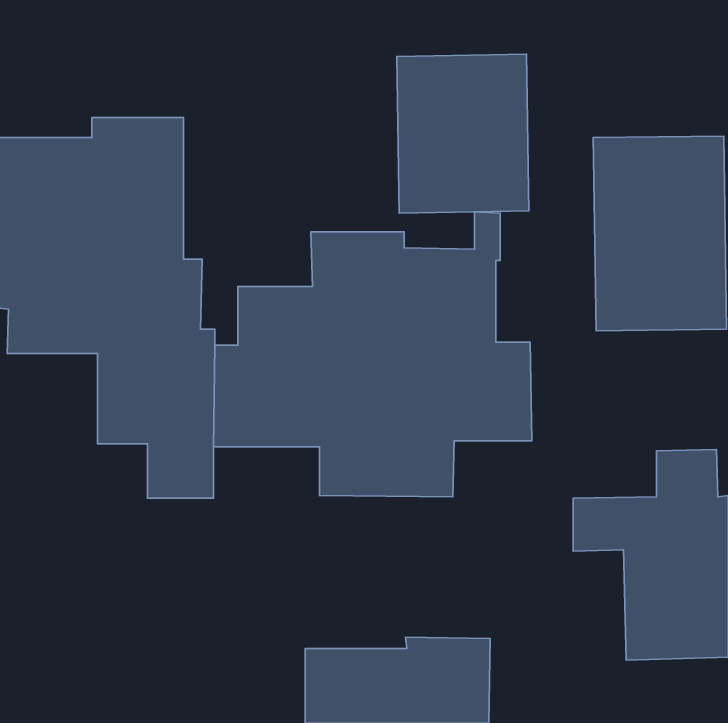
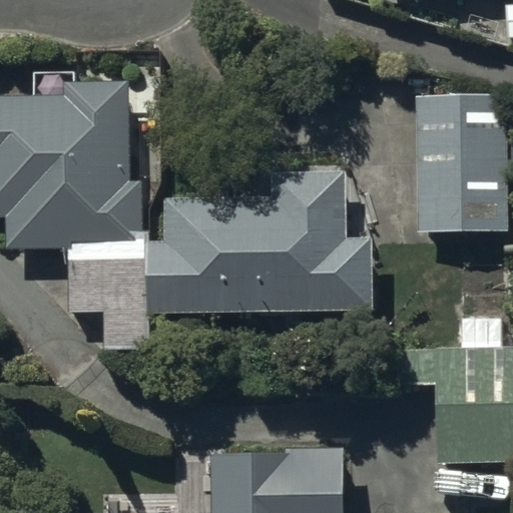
building: [397,54,529,213] -> none

